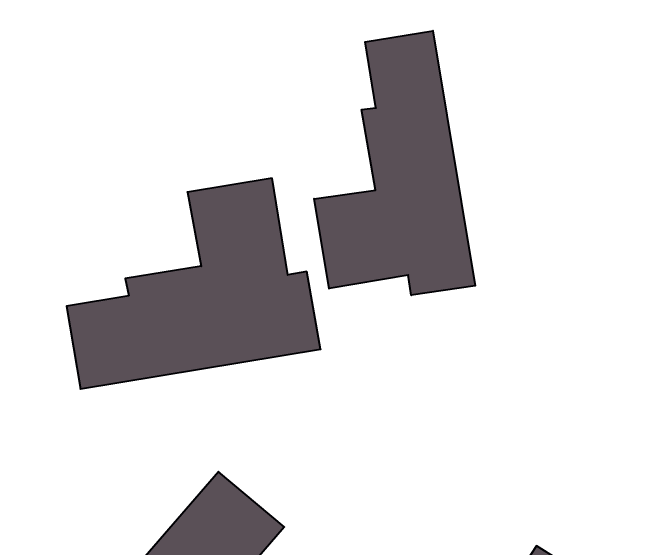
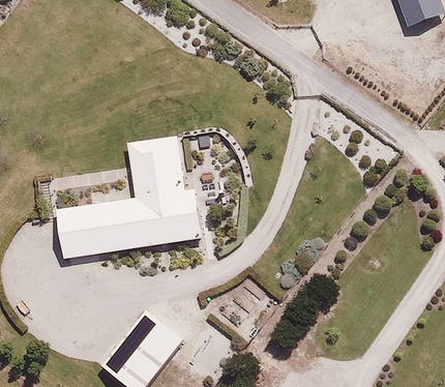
building: [314,31,475,295] -> none

